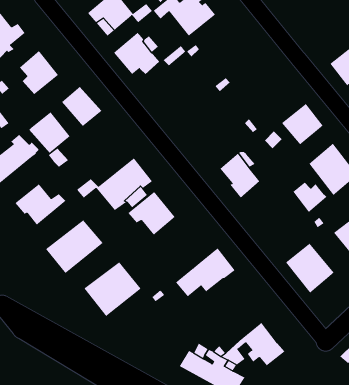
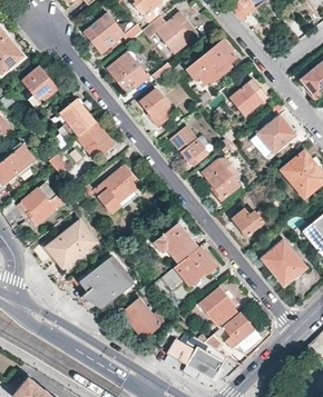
building: none -> [186,39,237,86]
building: none -> [229,79,267,116]
building: none -> [139,89,174,126]
building: [28,111,70,153] -> [76,121,114,159]
building: none -> [169,126,207,162]
building: [292,182,327,213] -> [233,209,264,237]
building: [127,191,176,235] -> [155,222,198,262]
building: none -> [199,287,237,328]
building: none -> [120,297,166,337]

